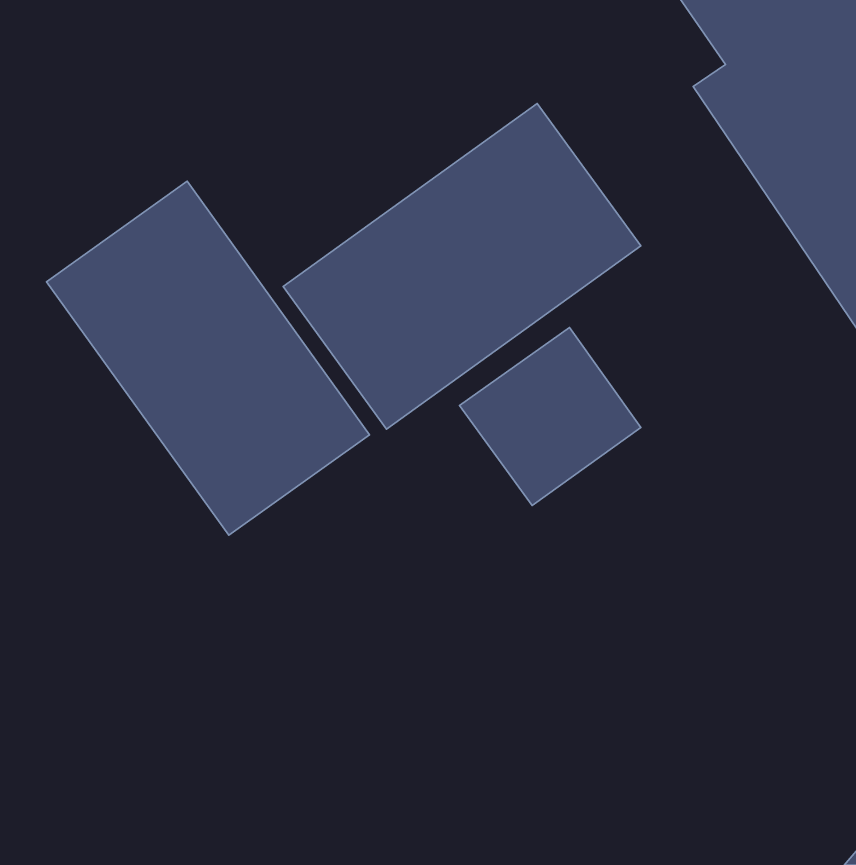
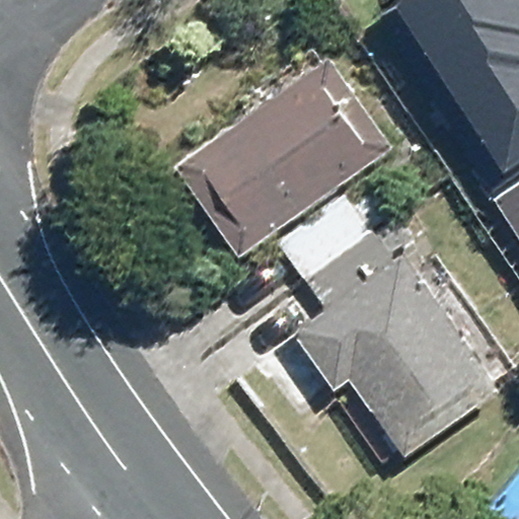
building: [46,181,370,535] -> none
building: none -> [311,257,494,454]

